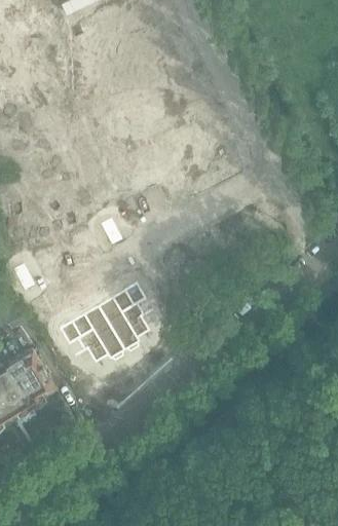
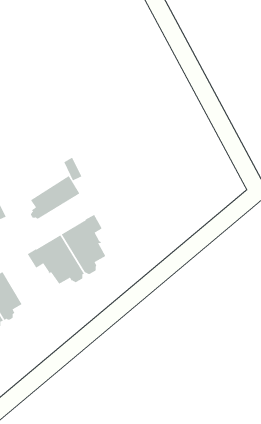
building: none -> [30,175,80,220]

